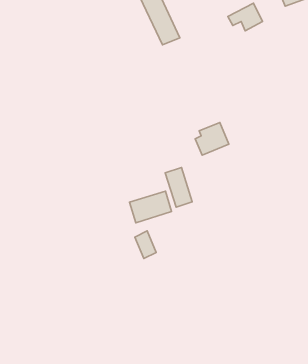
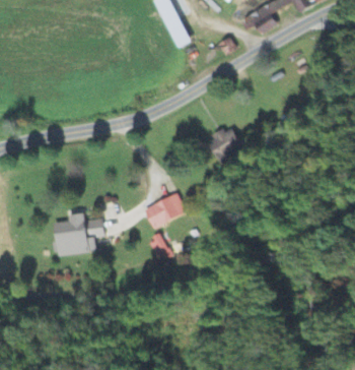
building: [165,167,192,207] -> none
building: none -> [52,211,103,256]

